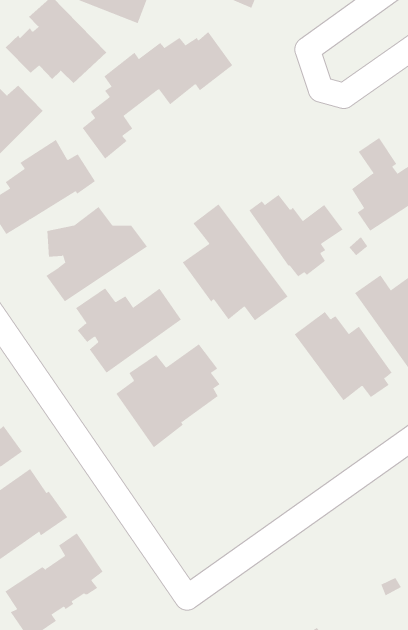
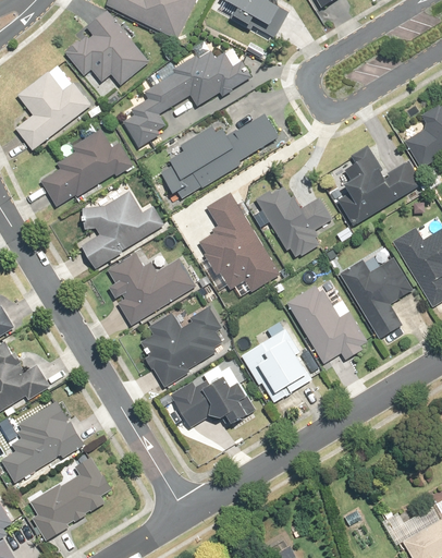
building: none -> [159,111,284,198]
building: none -> [240,335,309,403]
building: none -> [165,372,253,432]

